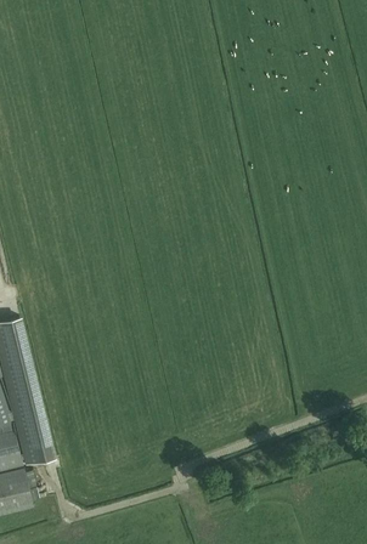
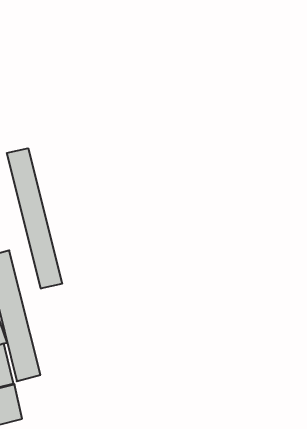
building: none -> [7,148,62,289]

